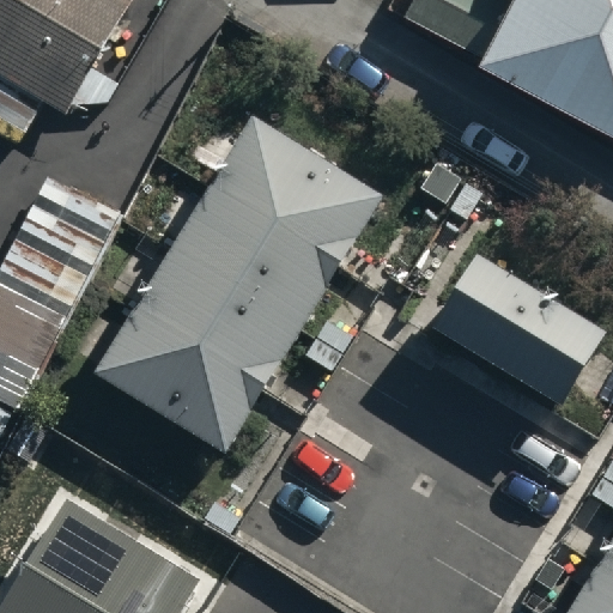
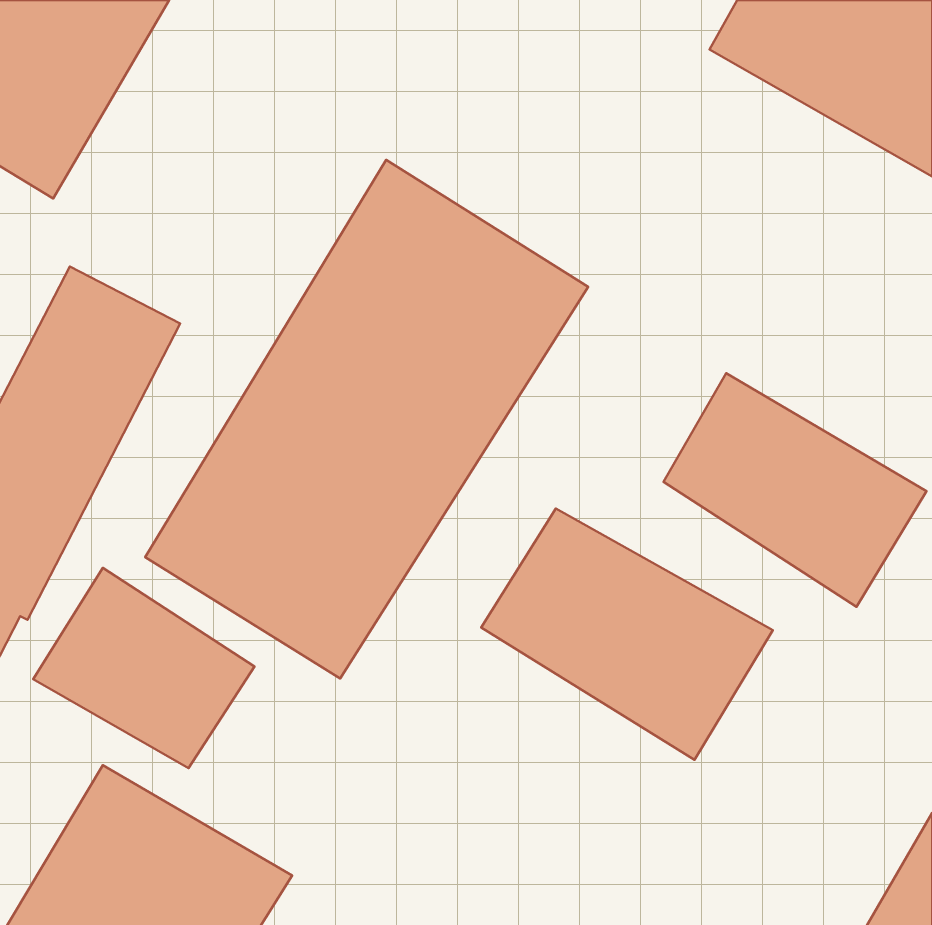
building: none -> [481,509,773,760]
building: none -> [33,568,255,768]

